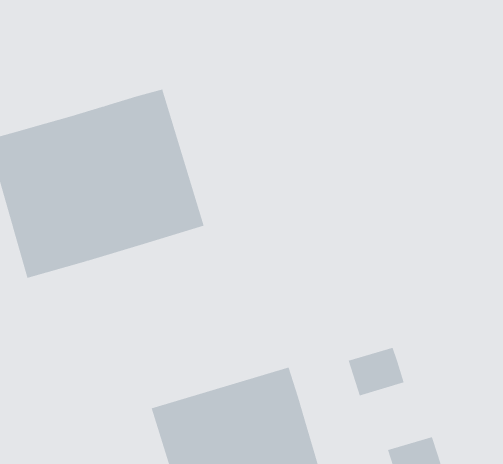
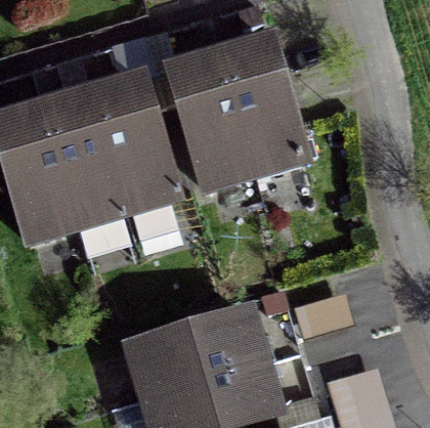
building: none -> [169,40,302,185]

